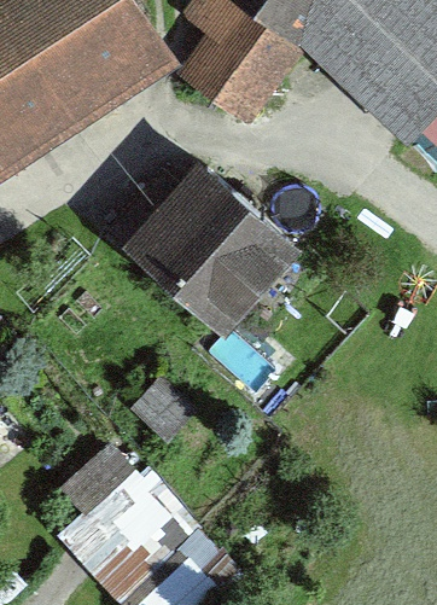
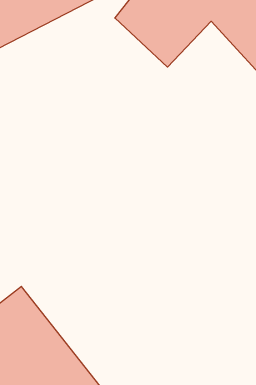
building: [141,162,303,321] -> none

